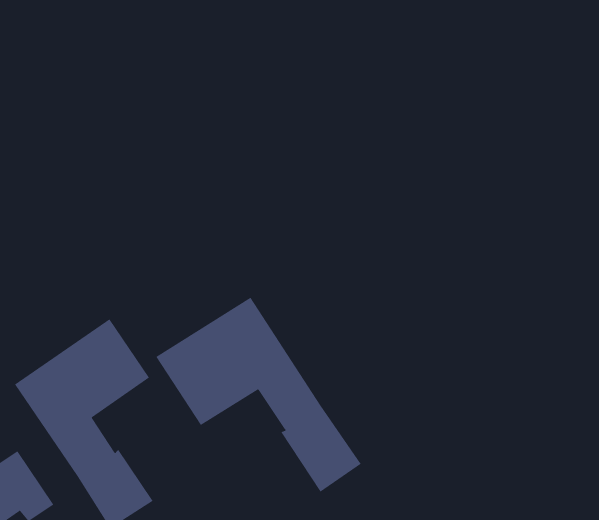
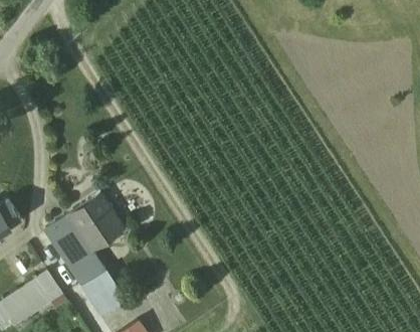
building: [156,297,361,492] -> none

